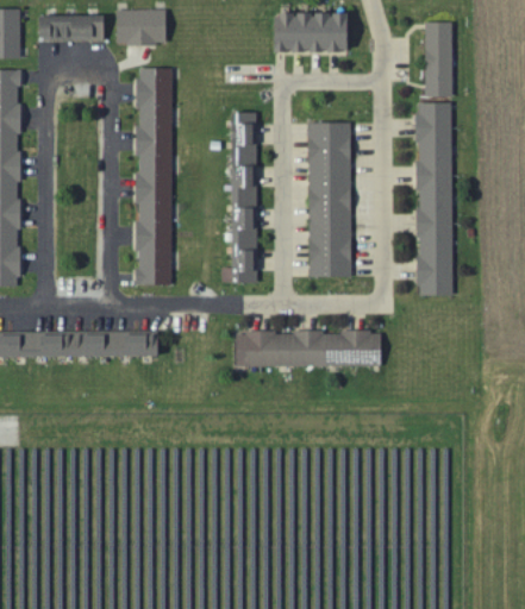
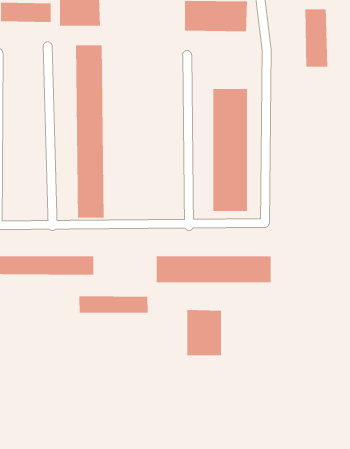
building: [417,102,451,296] -> none
building: [224,113,257,283] -> none
building: none -> [78,296,148,313]
building: none -> [187,309,222,356]

